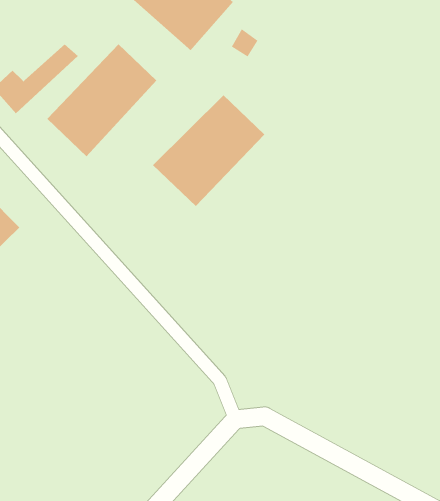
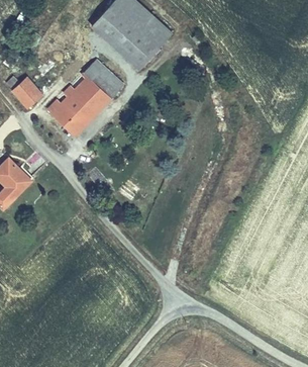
building: [152,94,265,207] -> none

